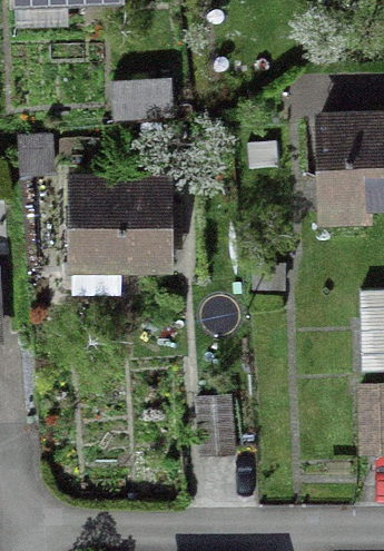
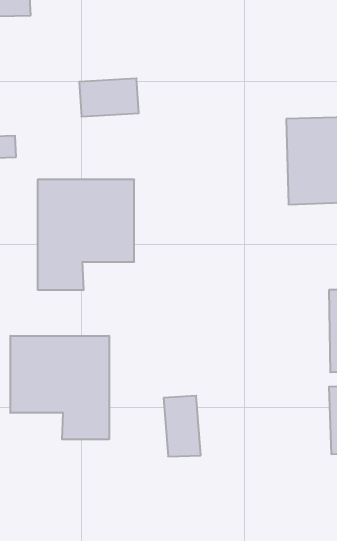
building: none -> [10,336,109,439]

